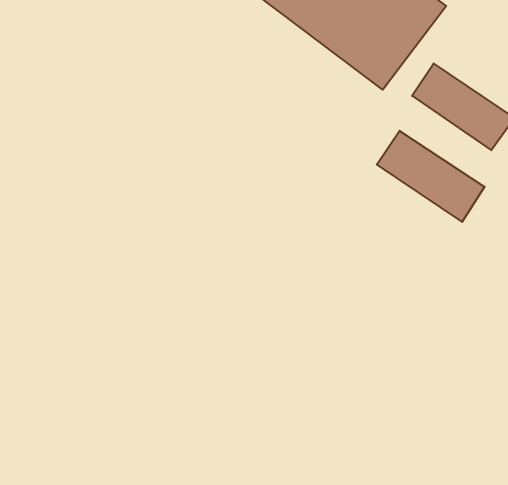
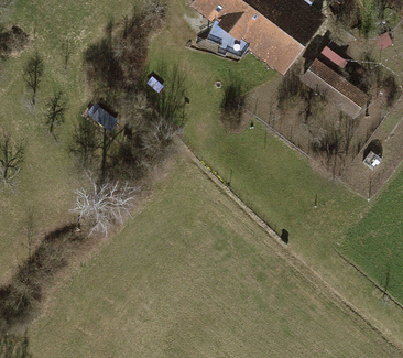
building: [377,131,485,222] -> none

